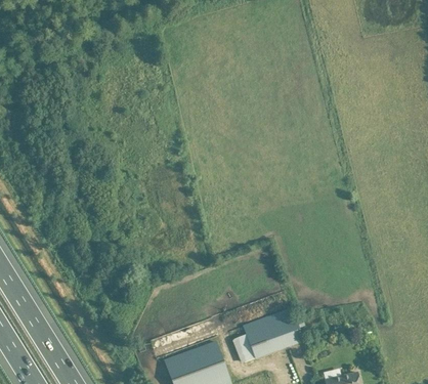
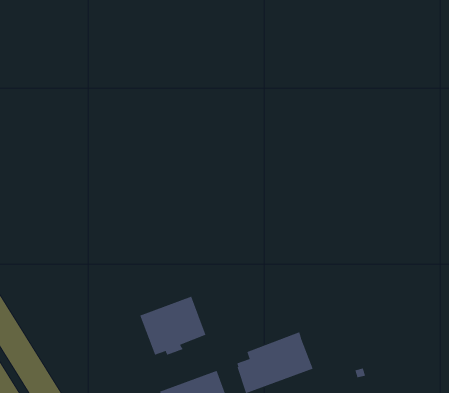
building: none -> [140,296,206,355]

